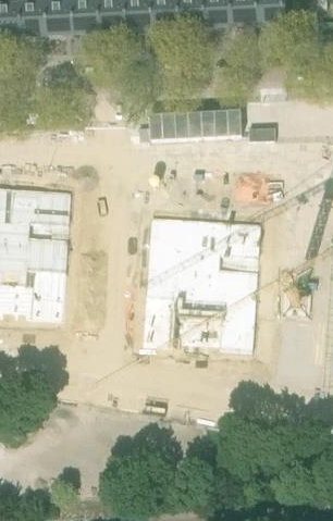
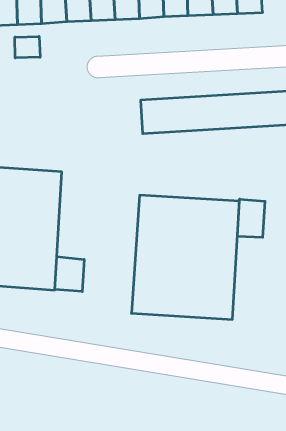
building: none -> [15,36,40,58]
building: none -> [237,199,265,237]
building: none -> [55,256,84,292]

